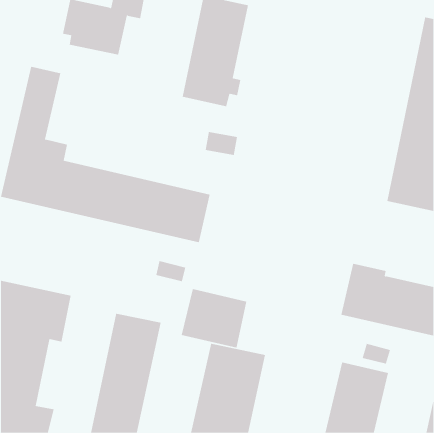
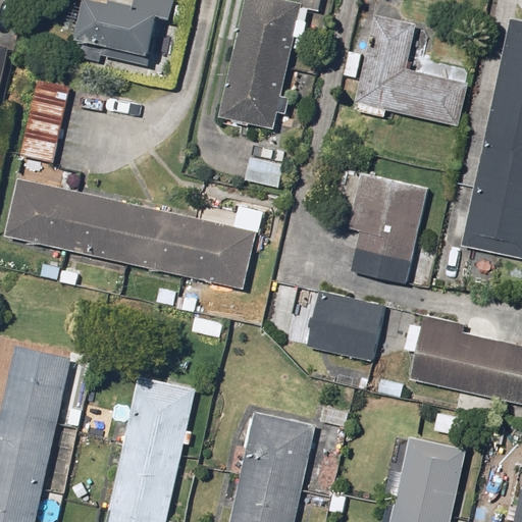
building: none -> [355,17,468,125]
building: none -> [352,174,430,282]
building: [181,289,247,348] -> [306,292,385,363]

